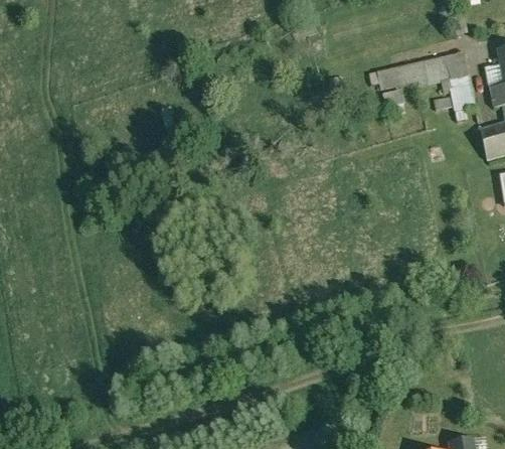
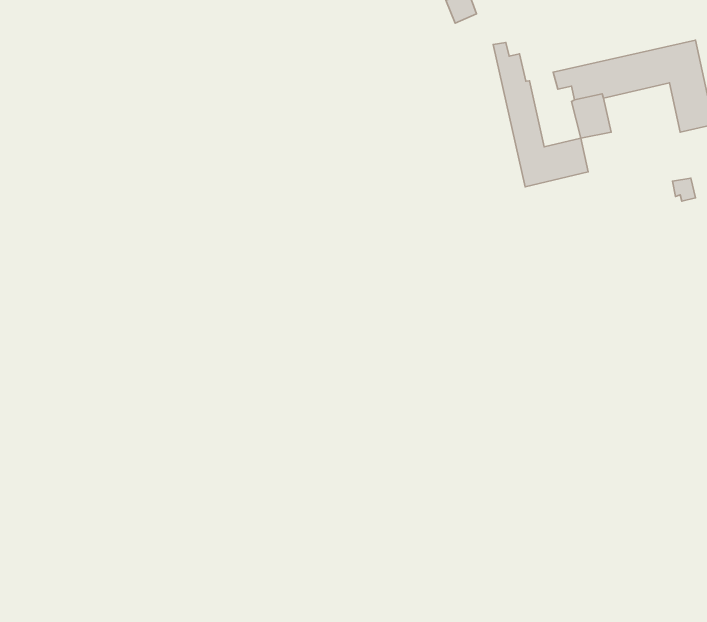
building: none -> [493,42,588,187]

